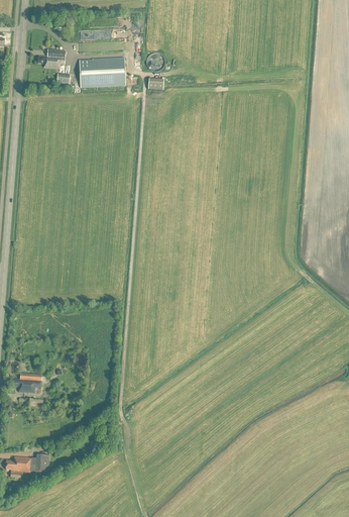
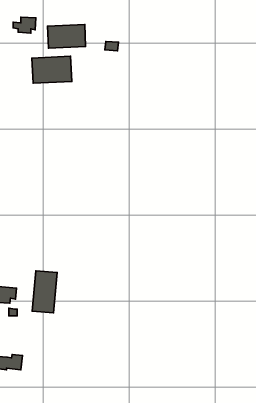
building: none -> [32,56,72,83]
building: none -> [32,271,57,313]

